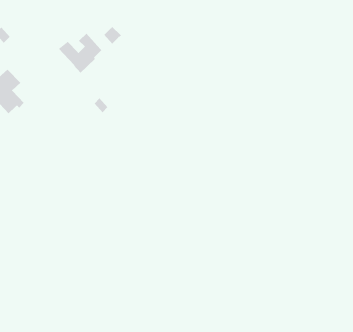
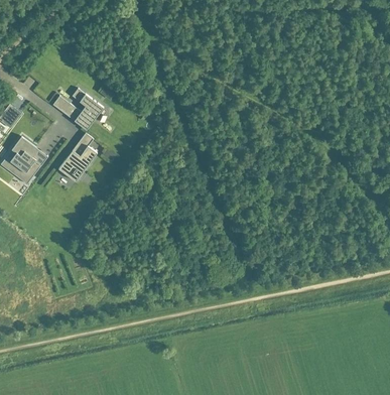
building: none -> [57,145,97,176]

